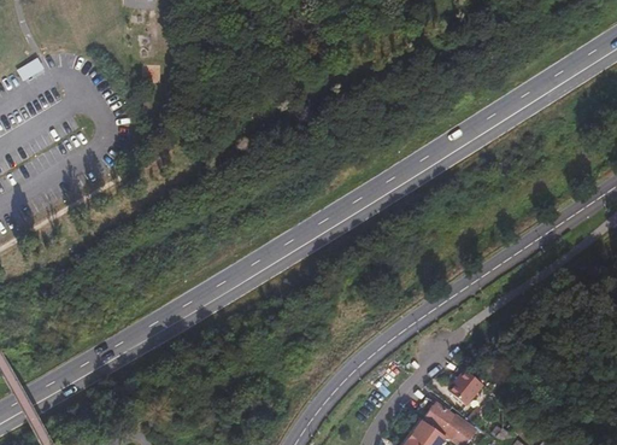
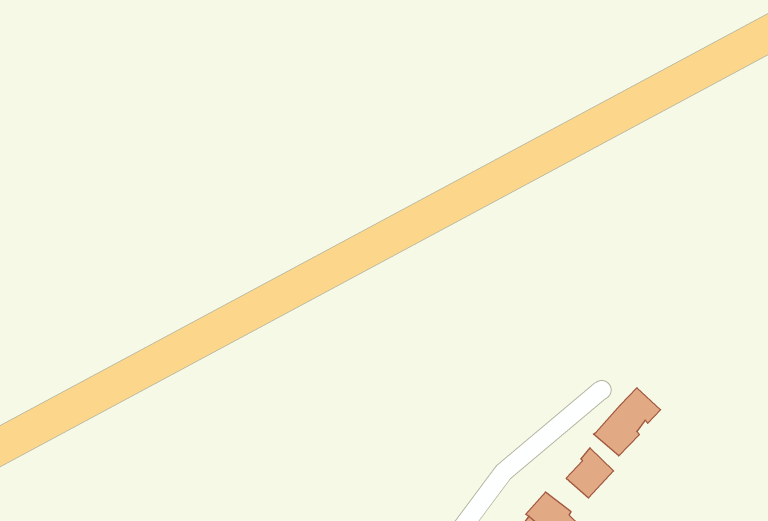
building: none -> [593,388,661,456]

